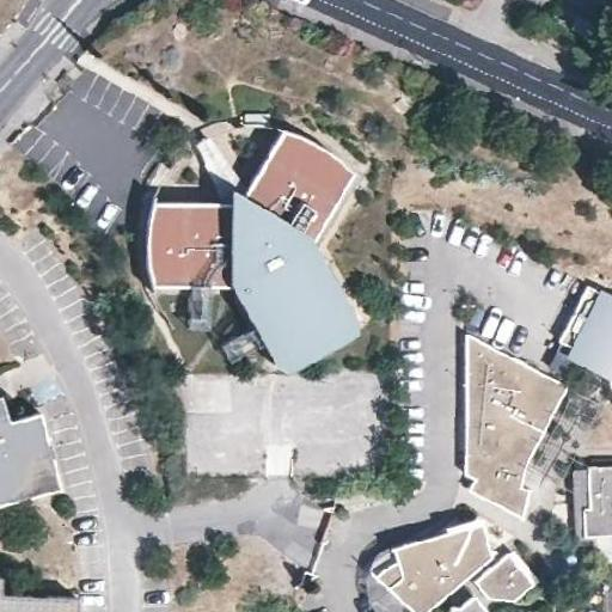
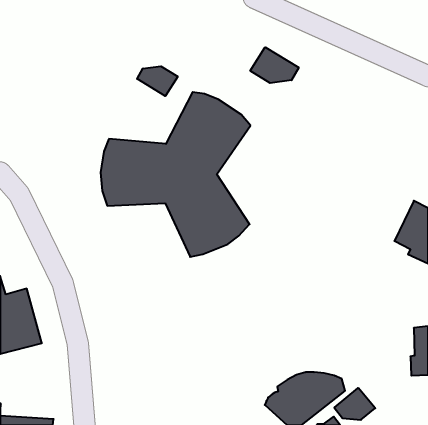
building: none -> [250,47,299,83]
building: none -> [137,66,178,96]
building: [469,337,567,520] -> none

